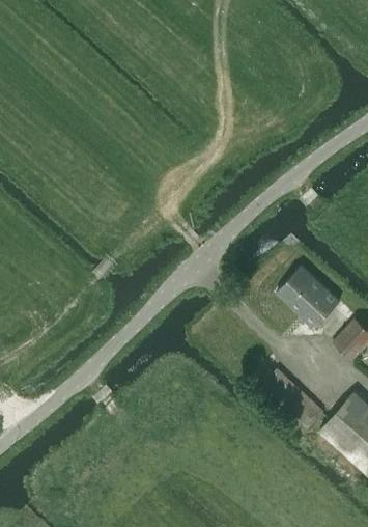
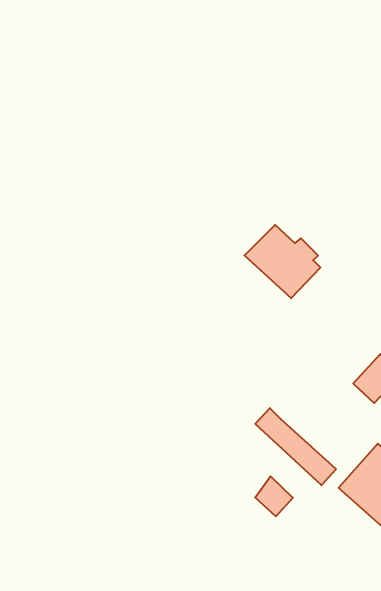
building: [276,266,340,328] -> [244,225,320,298]
building: none -> [255,476,293,516]

